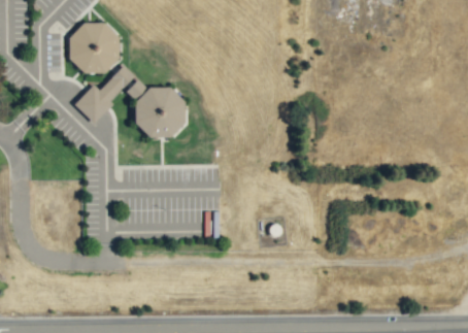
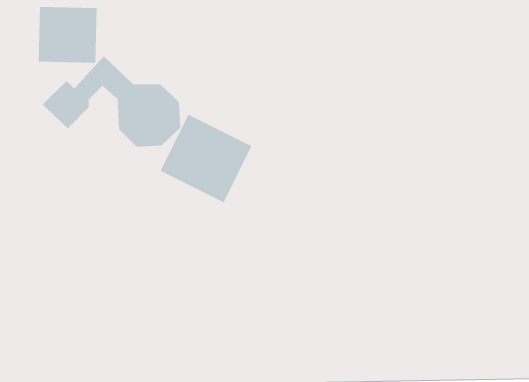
building: none -> [160,114,252,203]

